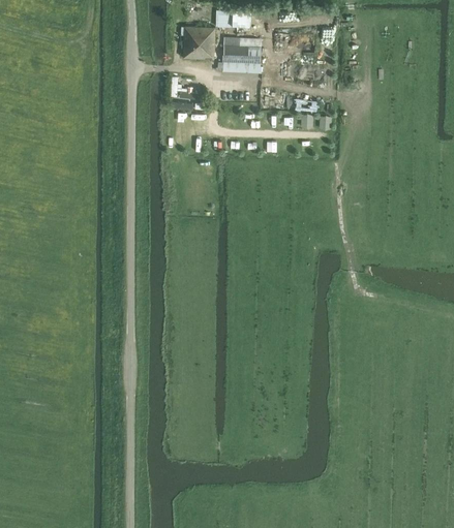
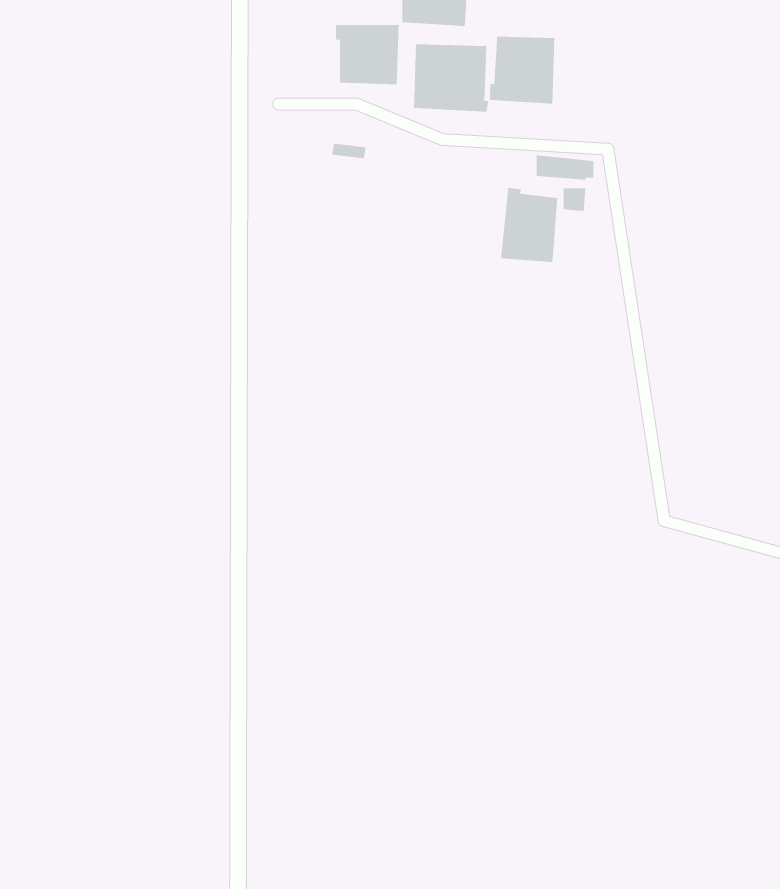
building: none -> [489,36,555,105]
building: none -> [501,187,558,263]

